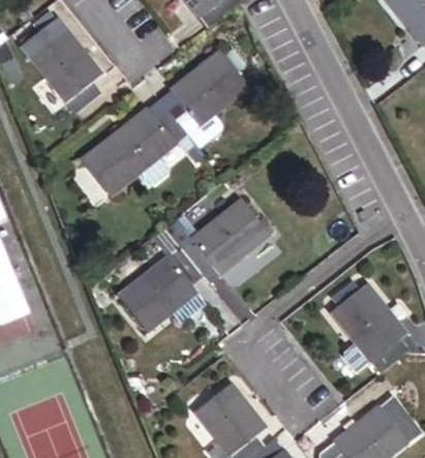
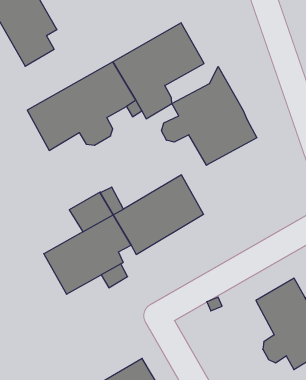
building: none -> [161,67,257,165]

